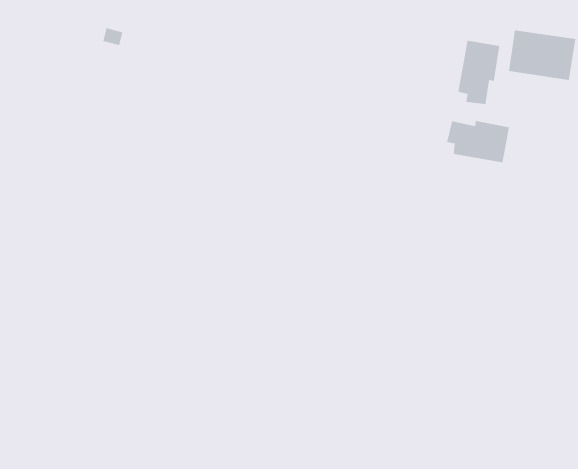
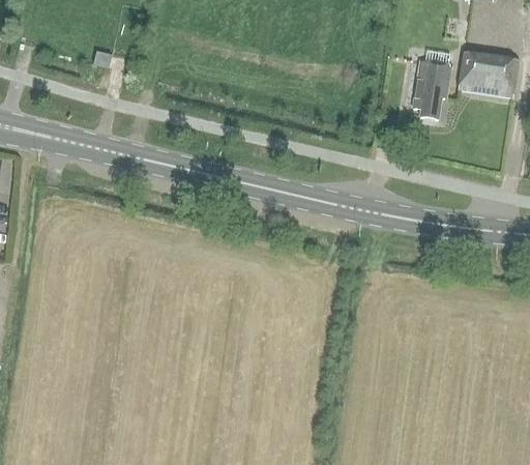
building: [447,120,509,163] -> none

